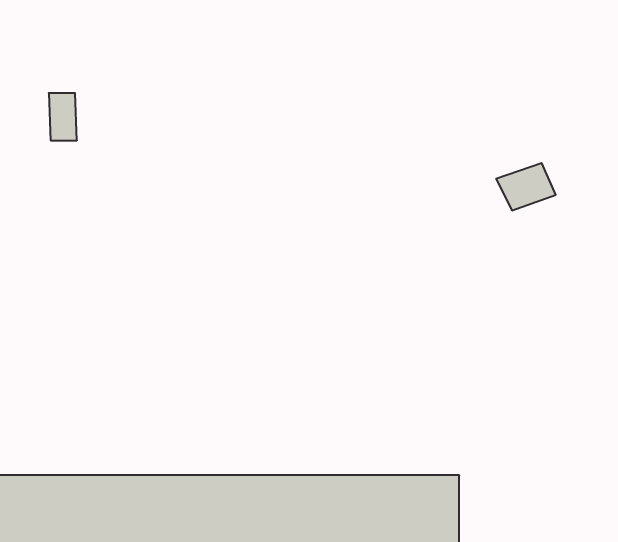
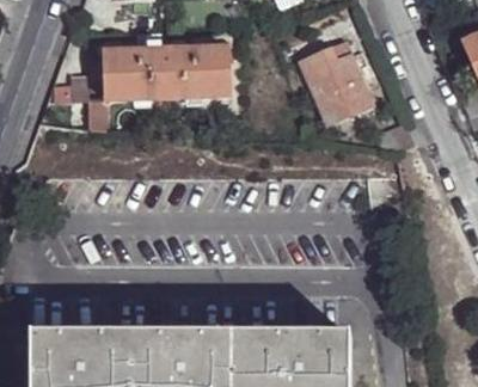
building: none -> [300,43,369,122]
building: none -> [105,48,228,100]

